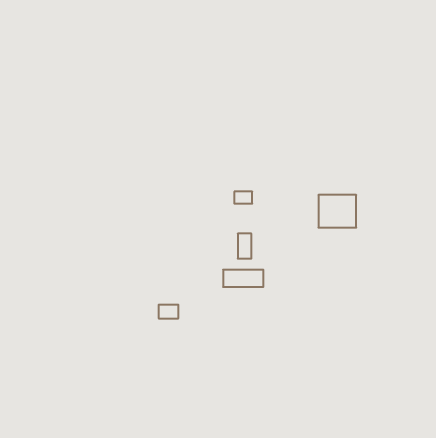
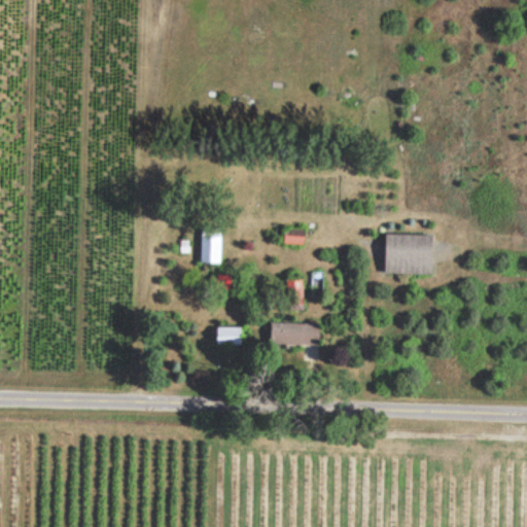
building: none -> [202,227,221,264]
building: [159,305,178,318] -> [217,327,241,344]

